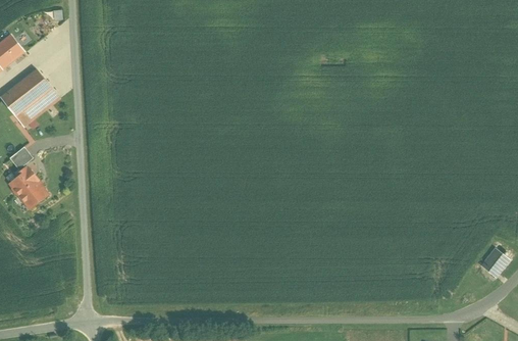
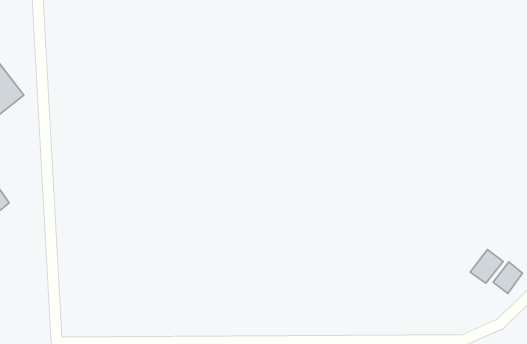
building: none -> [470,249,503,283]

